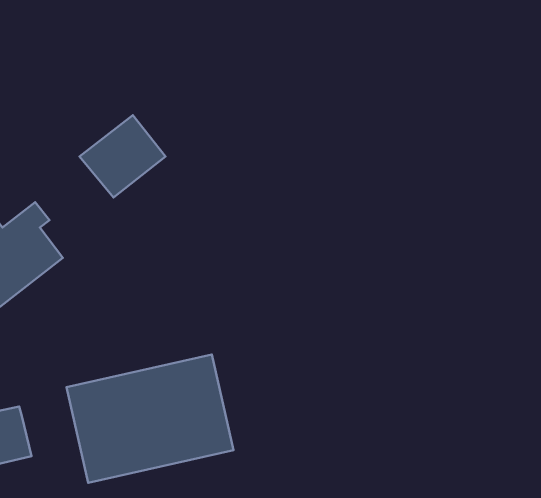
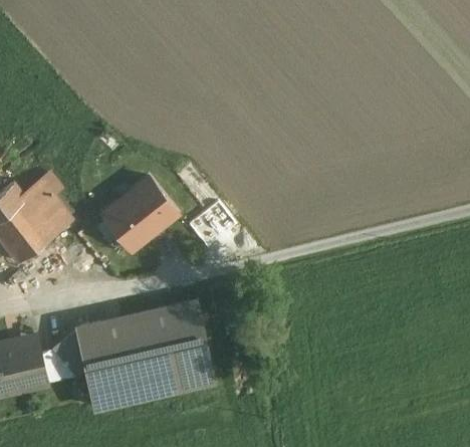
building: [80,115,165,198] -> [103,180,175,248]
building: none -> [38,341,84,383]

